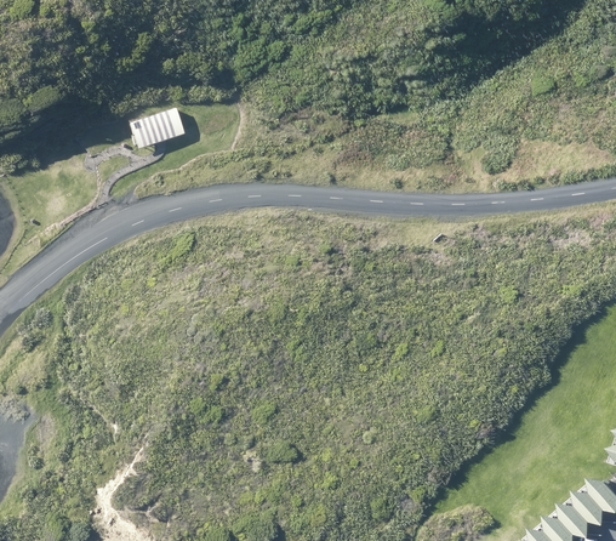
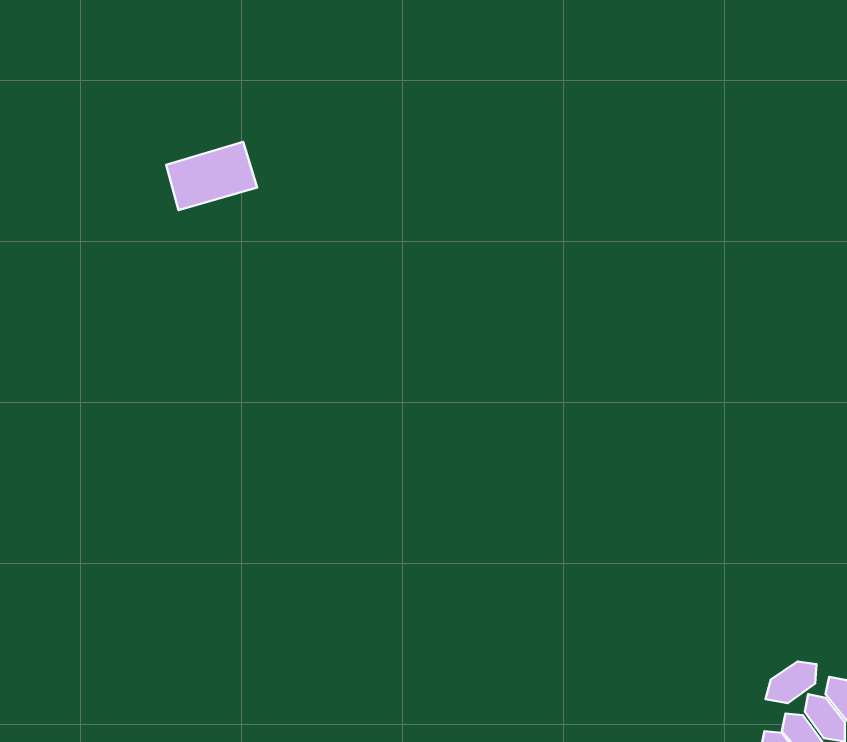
building: none -> [765,661,816,703]

